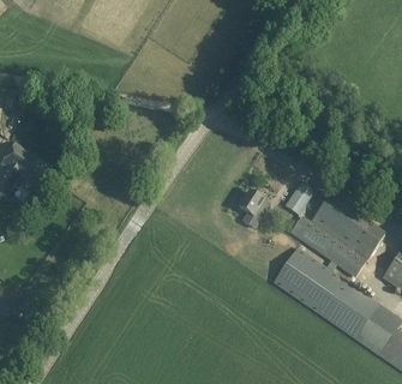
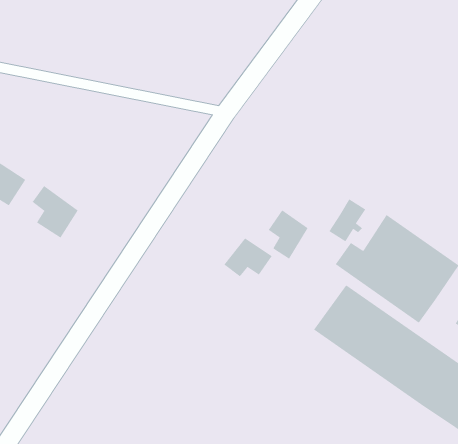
building: none -> [32,185,78,238]
building: none -> [223,237,272,277]

